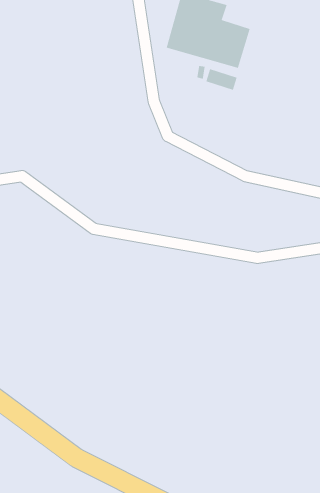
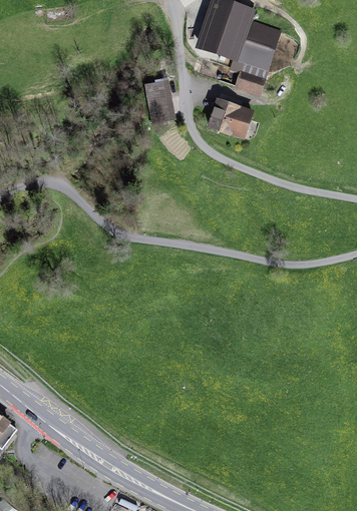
building: none -> [145,82,177,123]
building: none -> [209,98,258,139]

